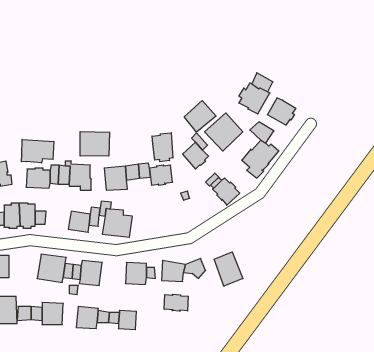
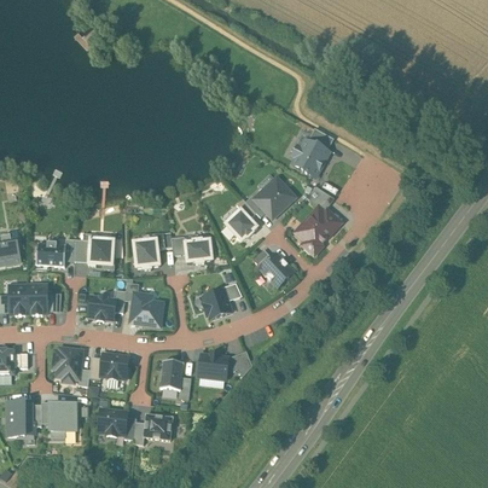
building: [267,98,296,125] -> none
building: [184,101,216,132] -> none
building: [80,132,110,156] -> none
building: [152,133,173,162] -> none
building: [21,139,54,163] -> none
building: none -> [202,285,234,319]
building: [214,252,243,286] -> none
building: [164,294,188,311] -> none

